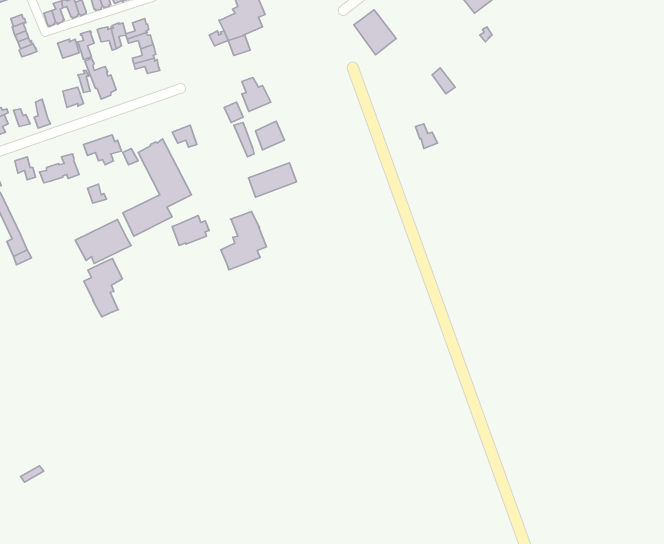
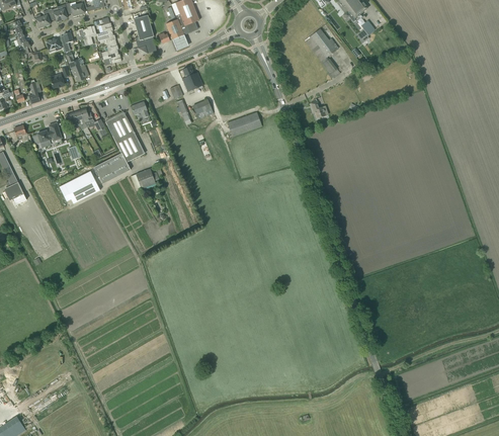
building: none -> [134,14,157,54]
building: [354,10,396,55] -> [305,28,336,62]
building: [249,163,296,197] -> [227,111,262,137]
building: [221,212,266,270] -> none
building: [84,258,122,317] -> none

